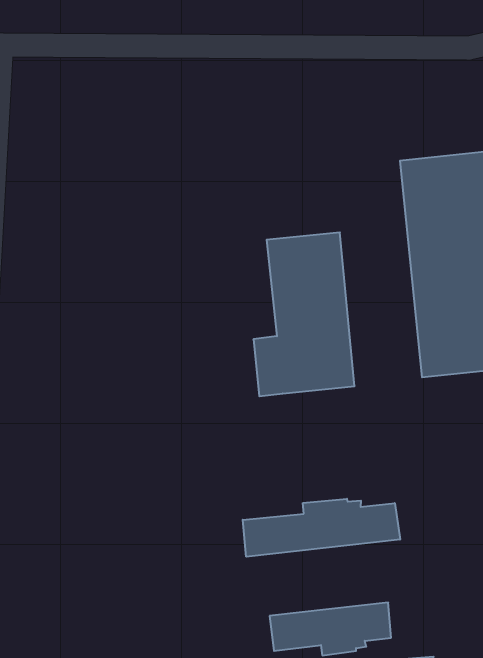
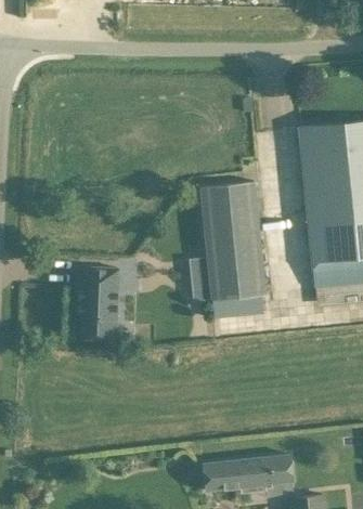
building: none -> [75,267,118,339]
building: [243,499,400,557] -> none

